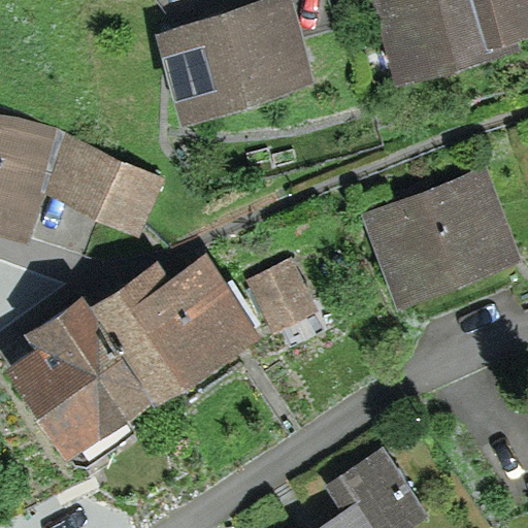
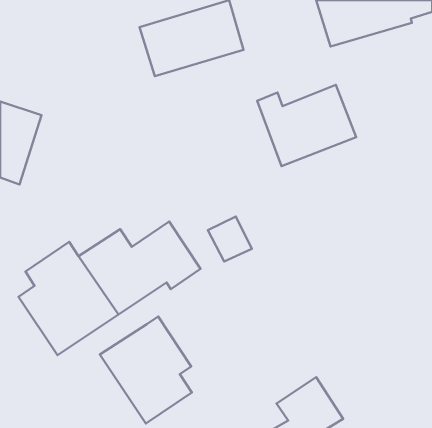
building: [55,139,159,226] -> none
building: [377,187,498,286] -> [257,85,356,166]
building: none -> [100,316,192,423]

